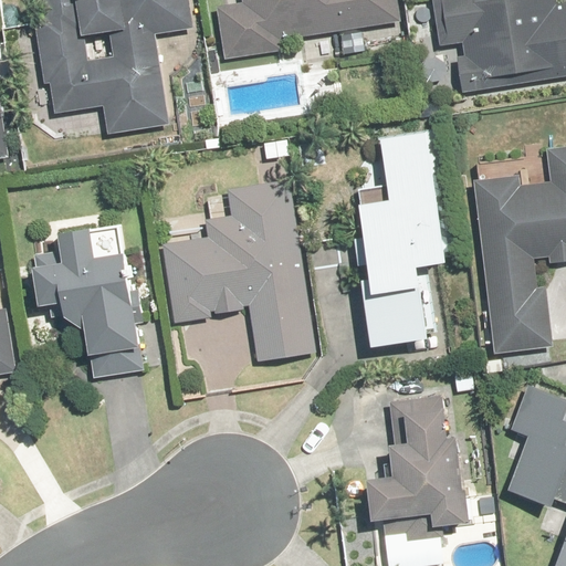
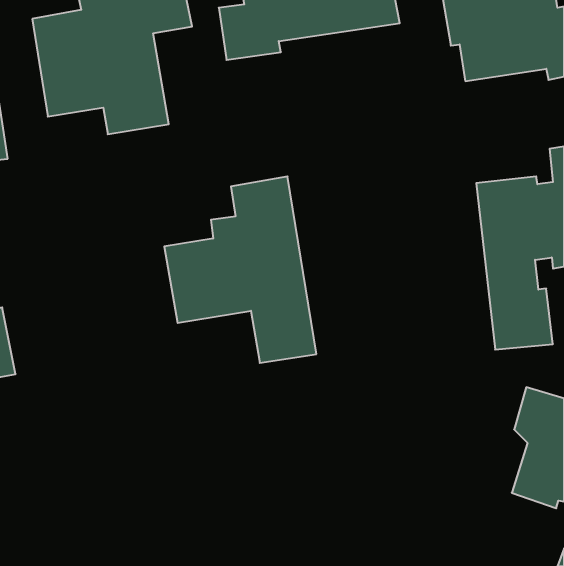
building: [352,132,448,346] -> none
building: [34,222,146,379] -> none
building: [367,394,469,527] -> none

